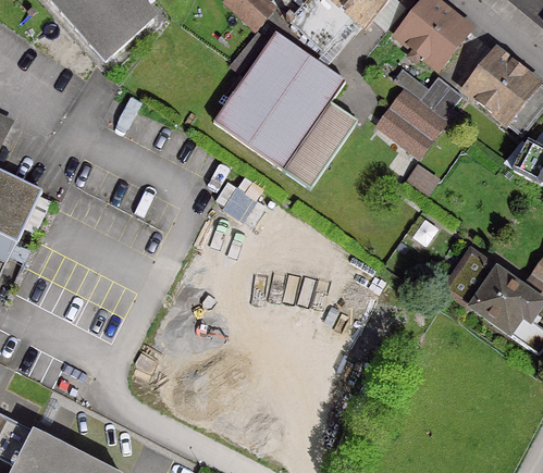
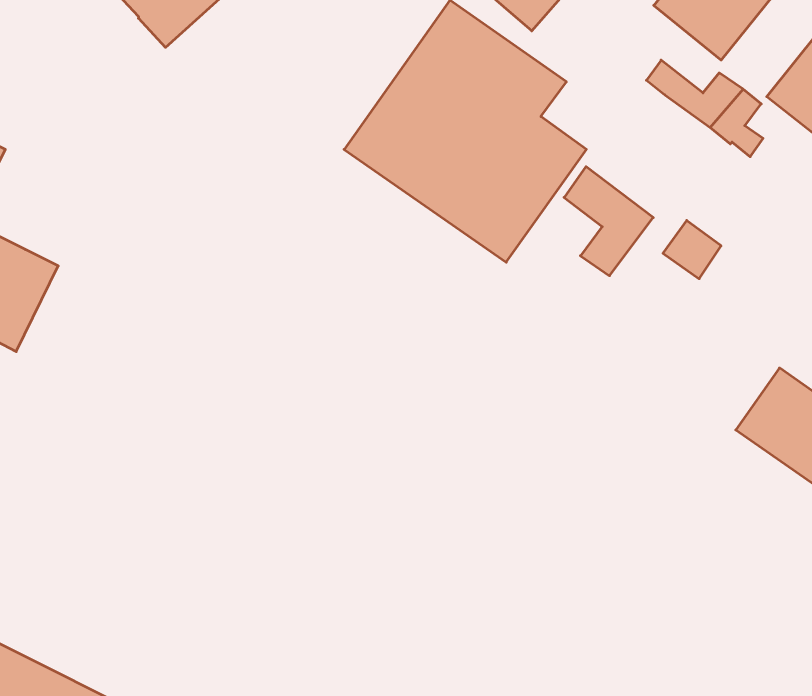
building: [391,89,444,154] -> [564,167,653,276]

